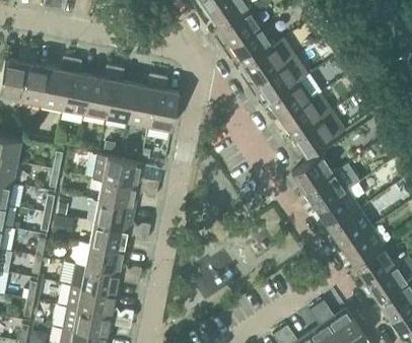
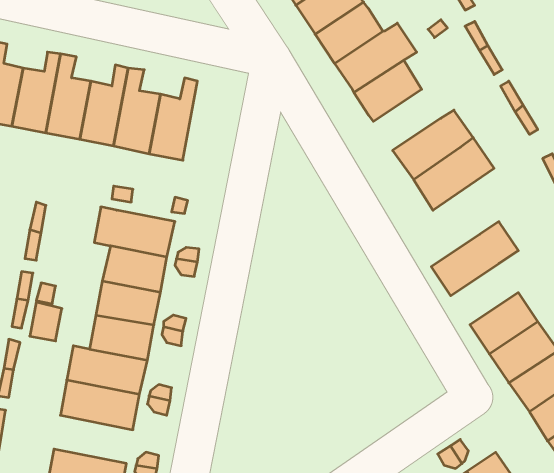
building: [148,76,178,130] -> none
building: [268,81,311,120] -> none
building: [291,153,335,193] -> none
building: [317,191,359,229] -> none
building: [67,286,117,317] -> none

